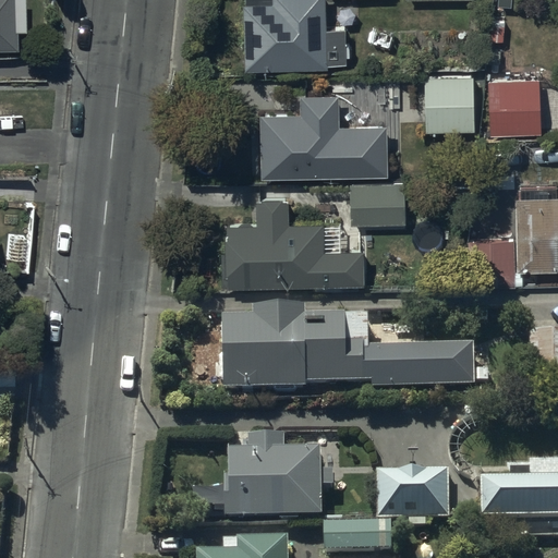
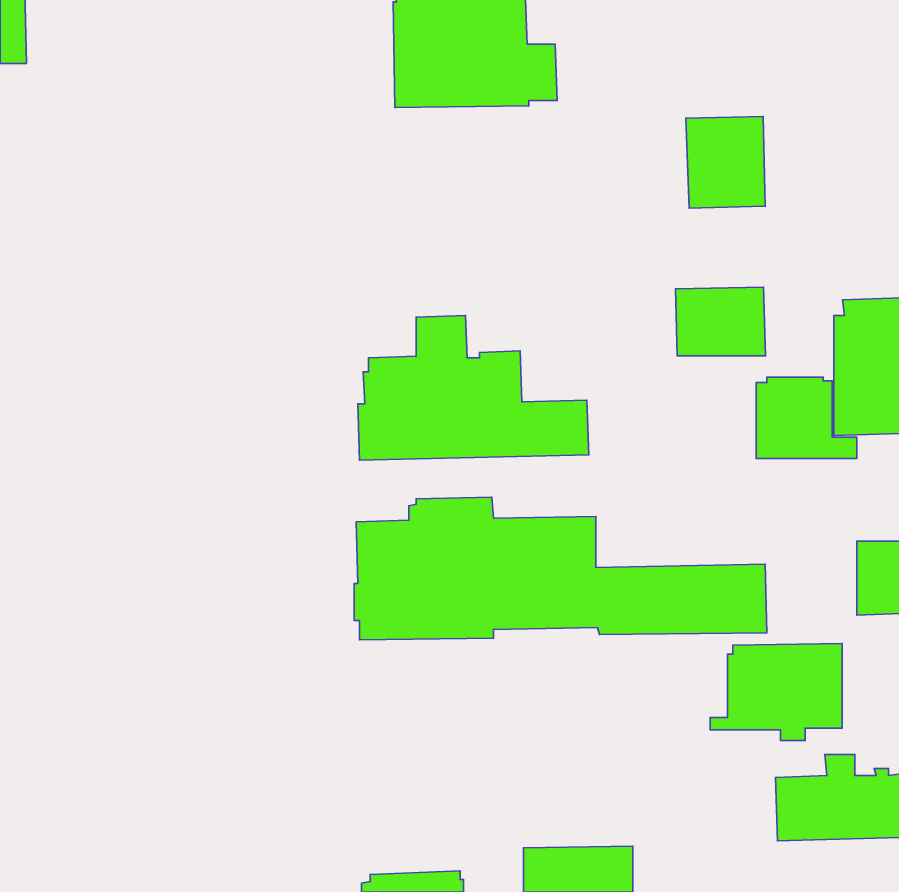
building: [488,74,542,133] -> none
building: [260,111,377,174] -> none
building: [351,179,407,221] -> [675,287,765,356]
building: [225,439,333,523] -> none
building: [366,468,448,527] -> [710,643,842,740]

